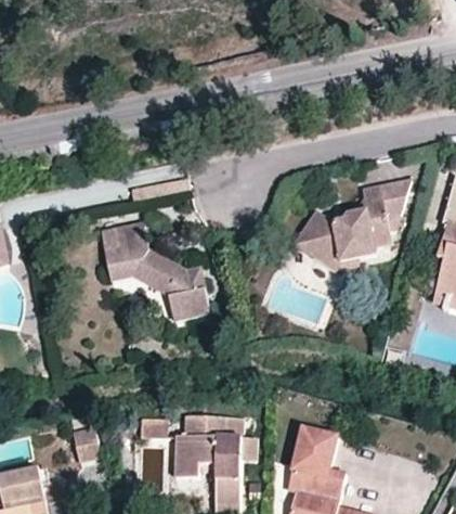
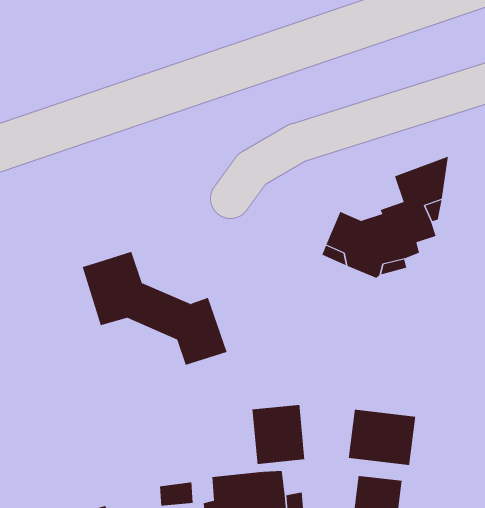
building: none -> [252,404,305,465]
building: none -> [348,409,416,466]

